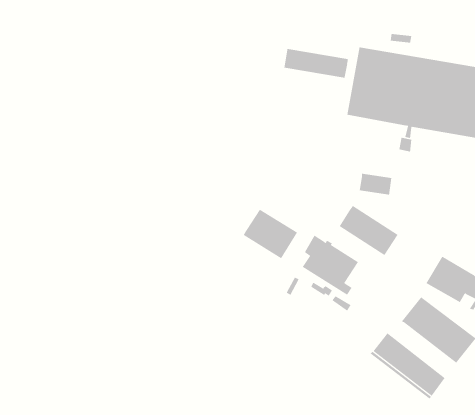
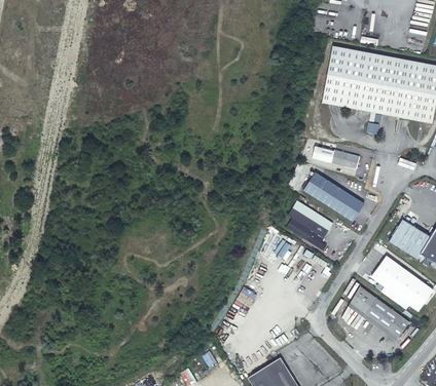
building: [284,48,348,78] -> none
building: [243,209,298,259] -> none

